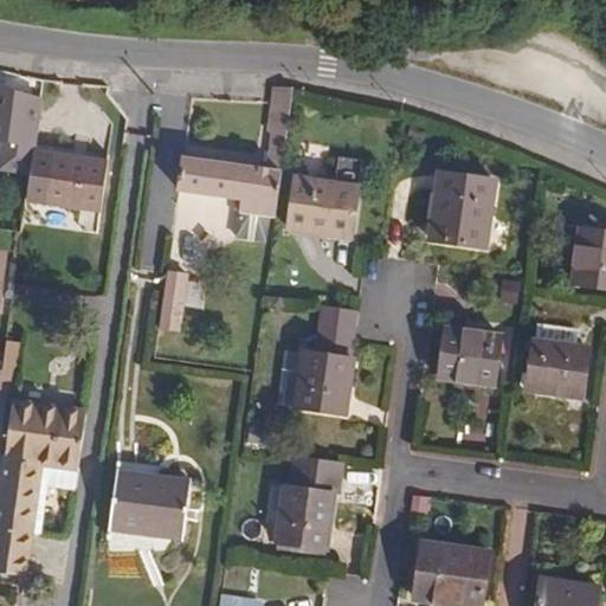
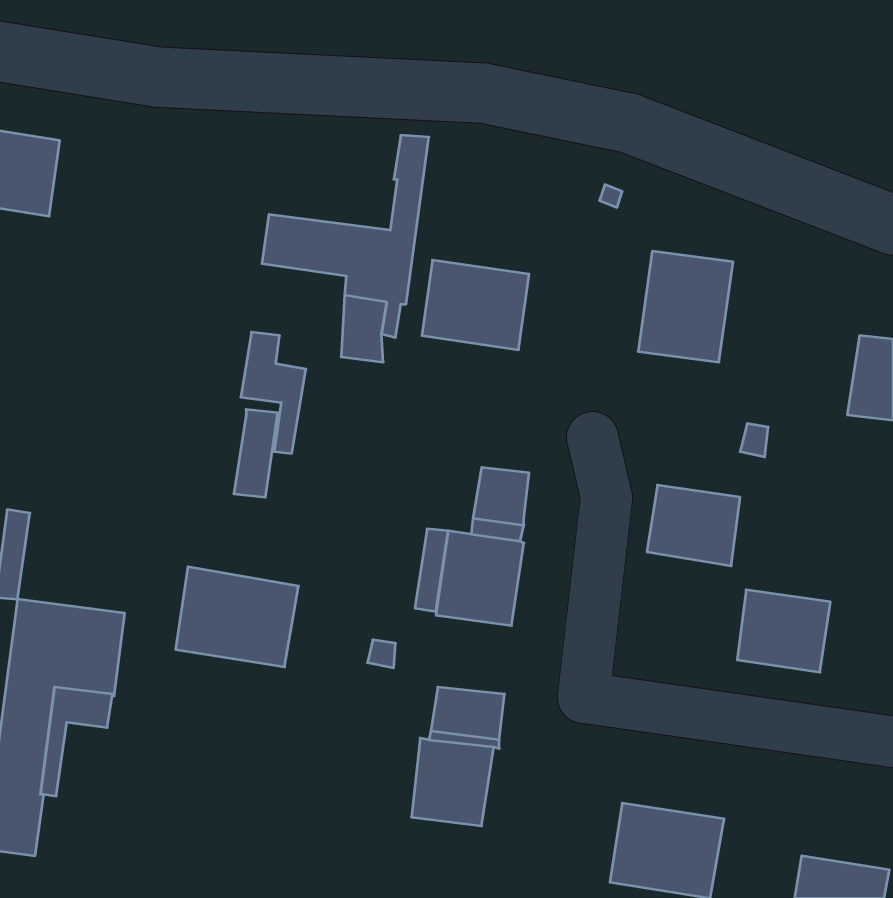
building: [43,153,103,206] -> none
building: [523,339,586,394] -> [737,590,830,672]
building: [105,468,188,535] -> [176,567,299,667]

